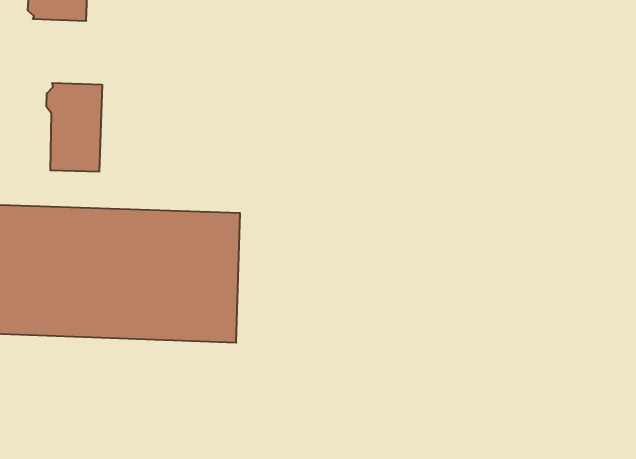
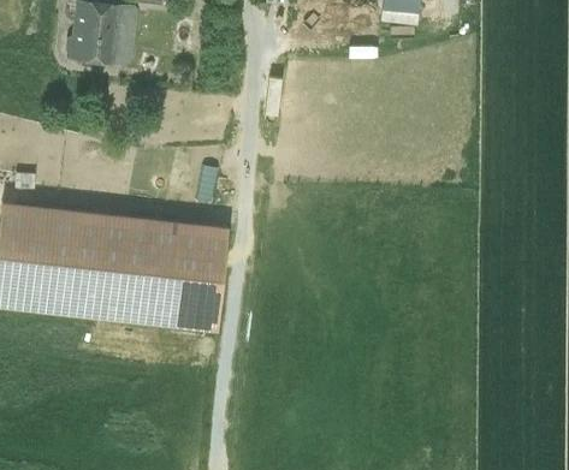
building: [47,83,102,172] -> none

